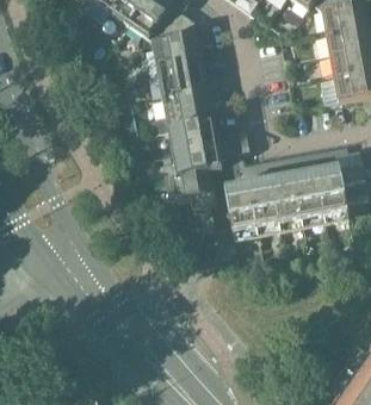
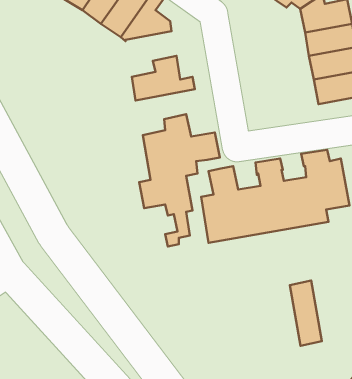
building: [152,32,210,76] -> none
building: [152,88,219,135] -> none
building: none -> [290,281,322,346]

